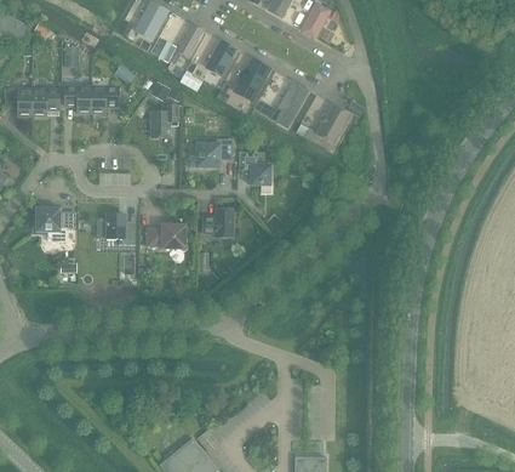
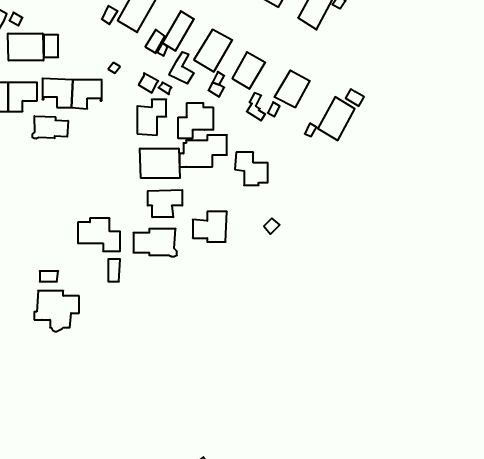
building: none -> [8,33,43,61]
building: none -> [178,103,213,138]
building: none -> [32,116,68,139]
building: none -> [140,148,180,178]
building: none -> [148,190,182,217]
building: [33,206,74,244] -> [34,291,79,332]

